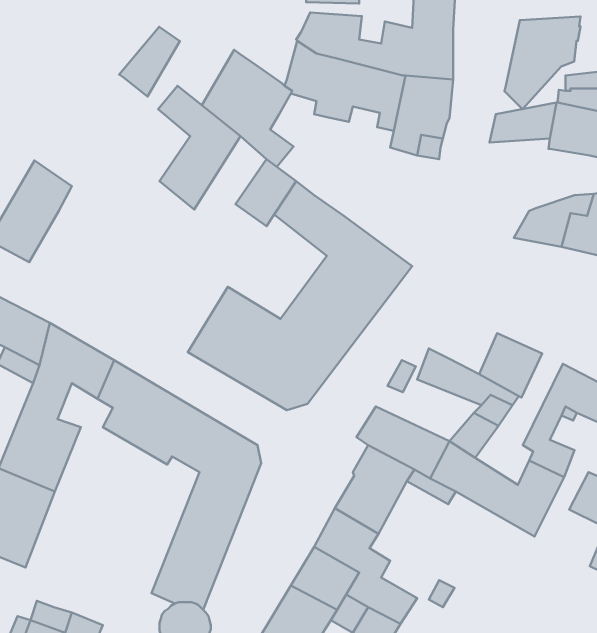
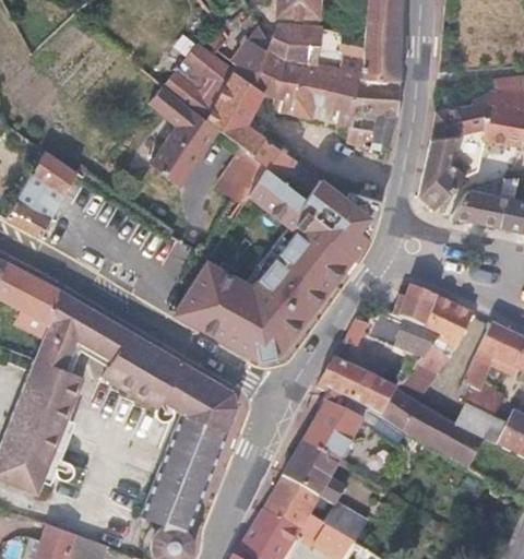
building: none -> [230,24,271,87]
building: [504,16,581,109] -> [417,132,481,211]
building: [119,27,180,96] -> [163,45,214,104]
building: none -> [250,139,296,180]
building: none -> [307,178,374,240]
building: none -> [396,288,437,332]

